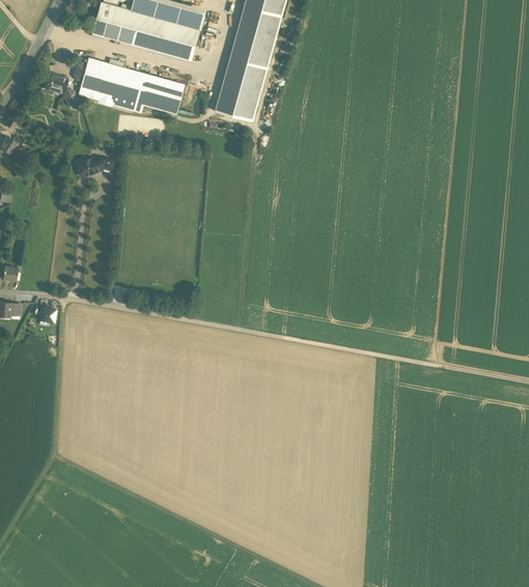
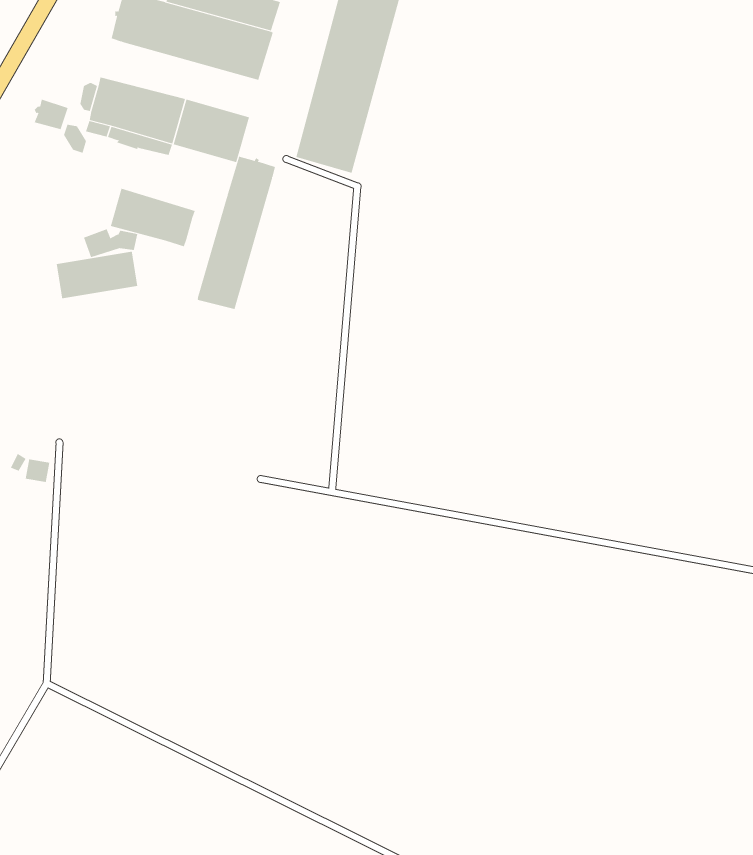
building: none -> [197,156,275,310]
building: none -> [110,188,196,247]
building: none -> [56,251,138,299]

